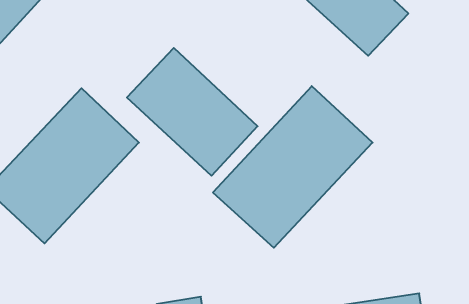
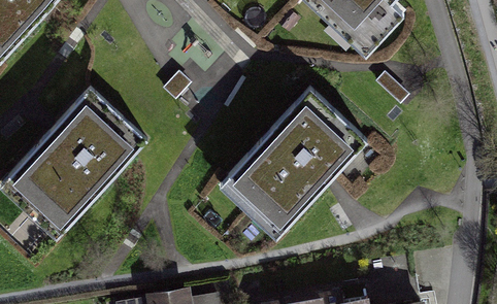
building: [127,48,258,176] -> none

